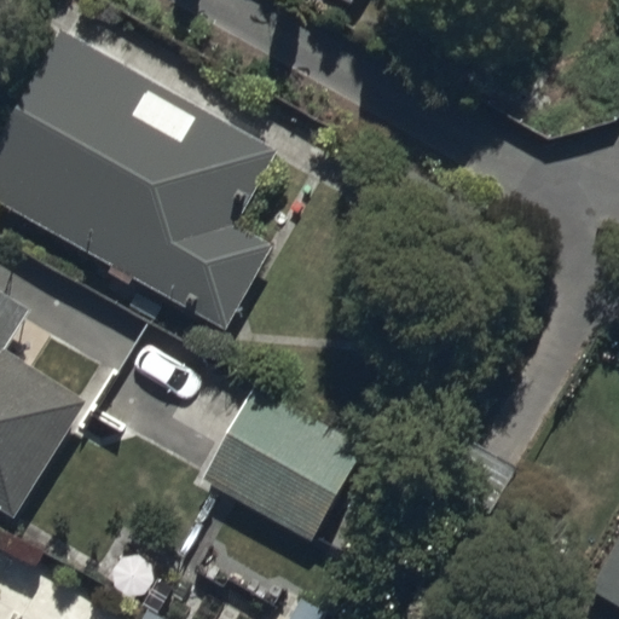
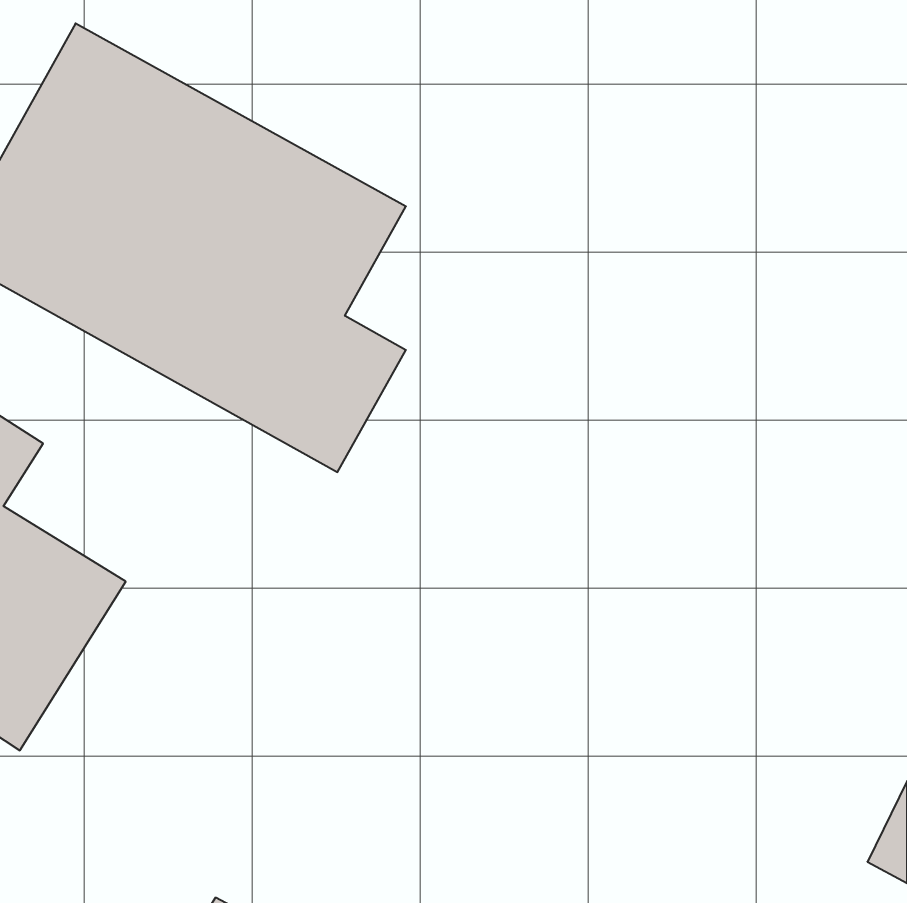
building: [201,388,363,545] -> none

